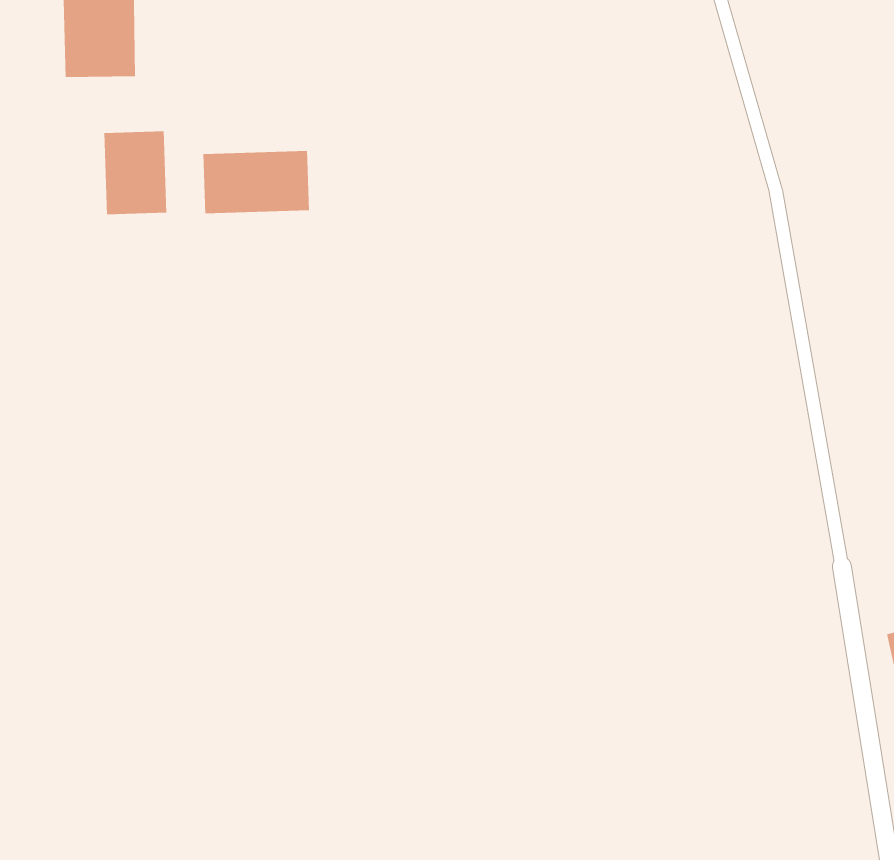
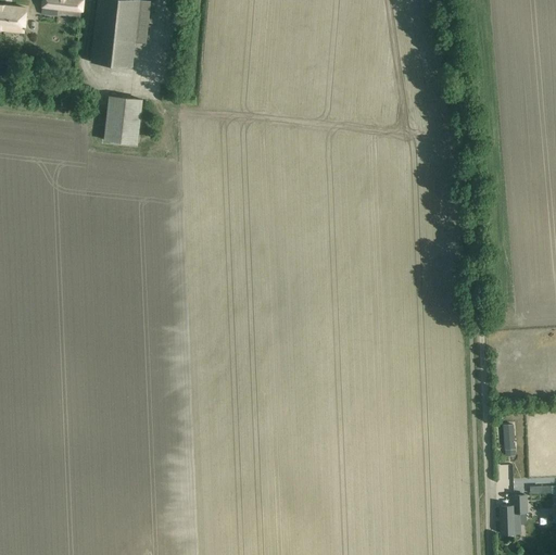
building: [202,150,310,214] -> none

